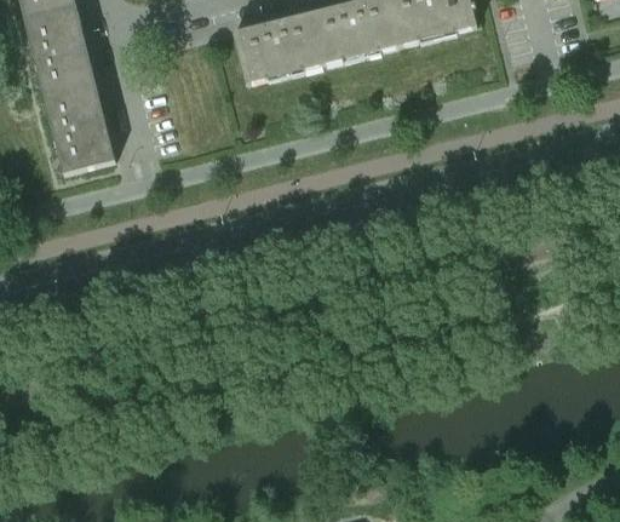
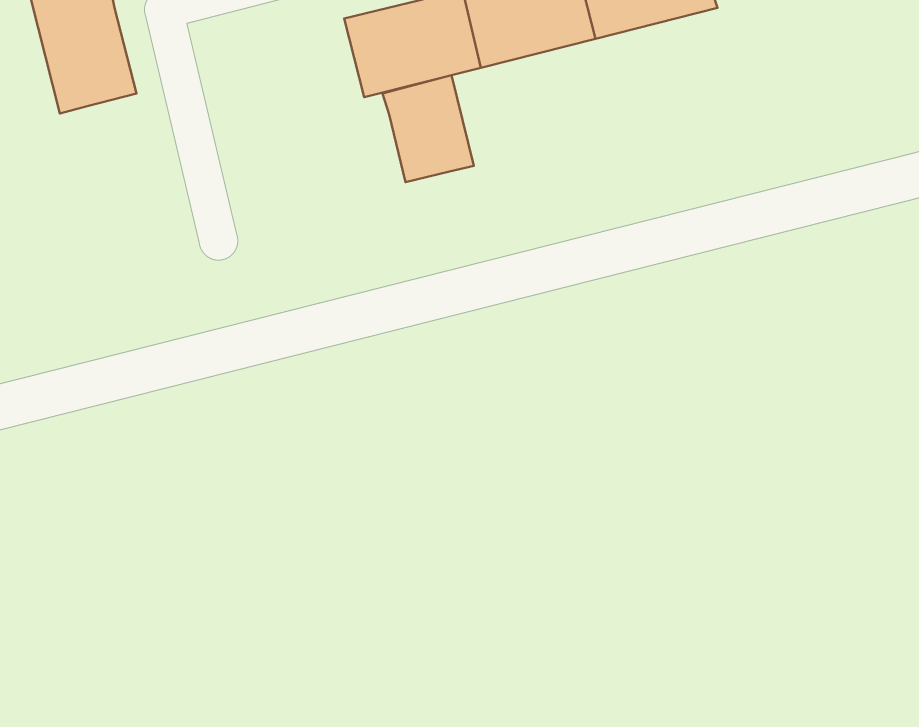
building: none -> [383,75,474,182]
building: [44,84,115,176] -> none

